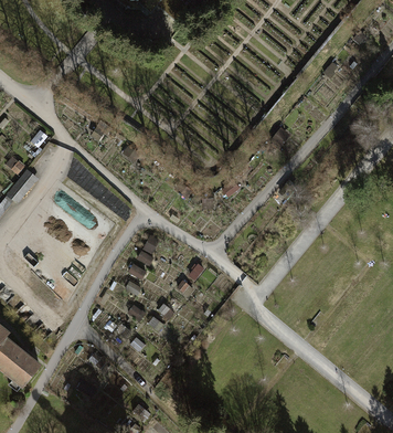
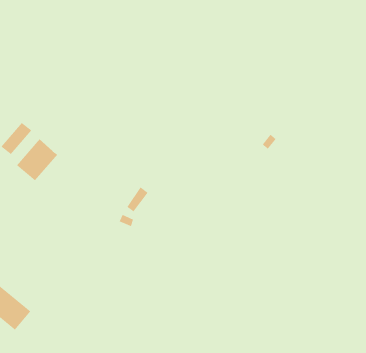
building: none -> [16,139,58,181]

